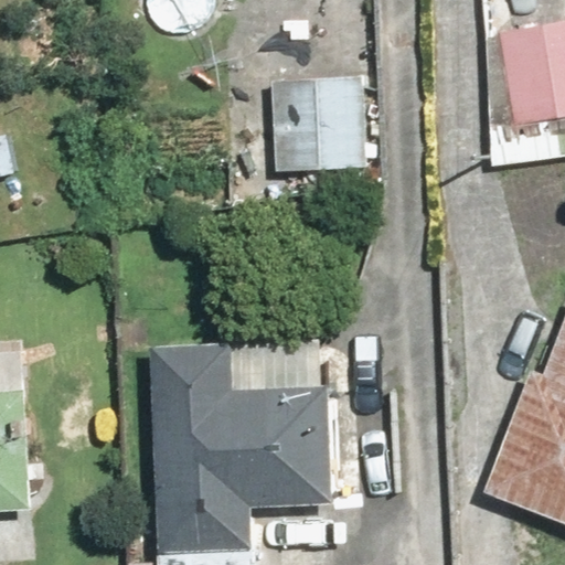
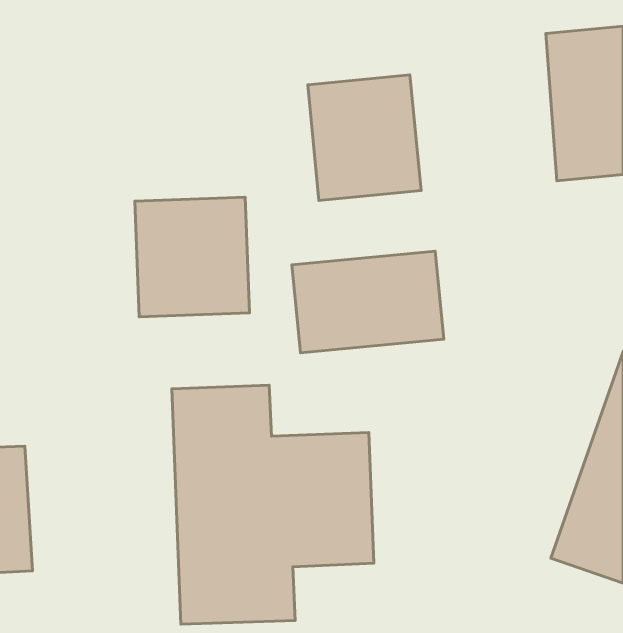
building: none -> [135,197,249,317]
building: none -> [292,251,444,353]

